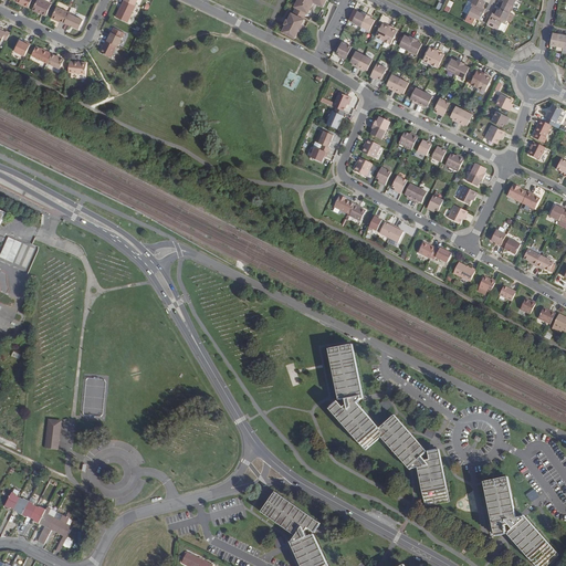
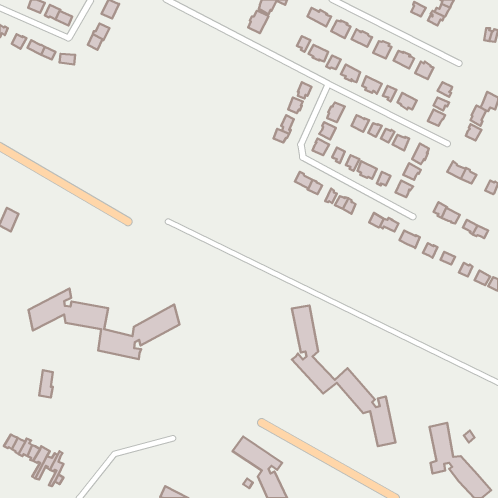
building: none -> [29,288,179,359]

